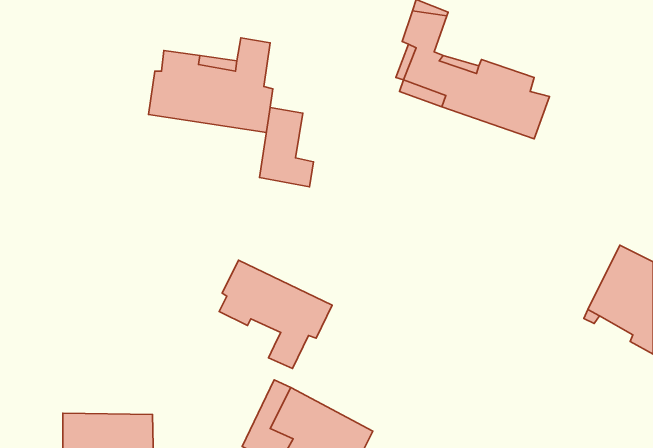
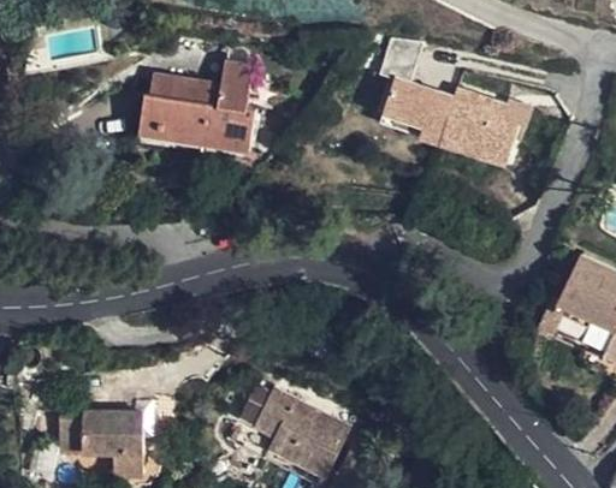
building: [260,108,314,187] -> none
building: [219,260,332,369] -> none

